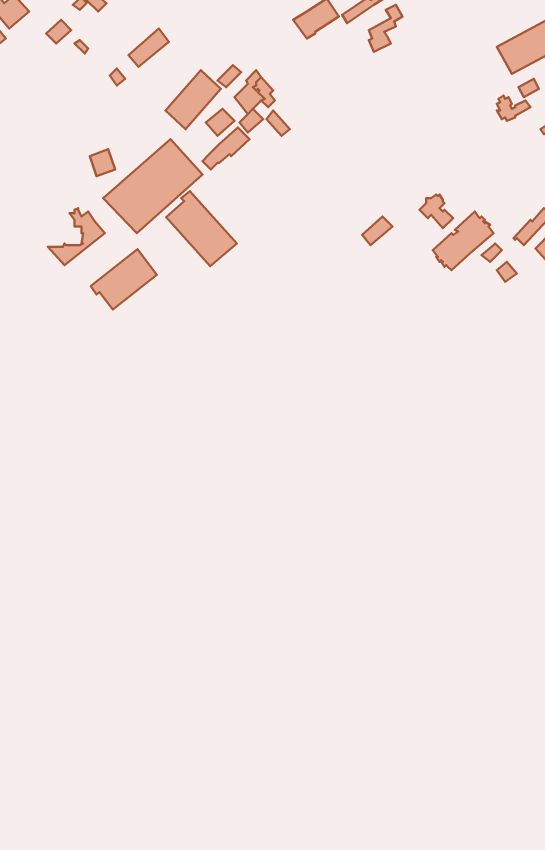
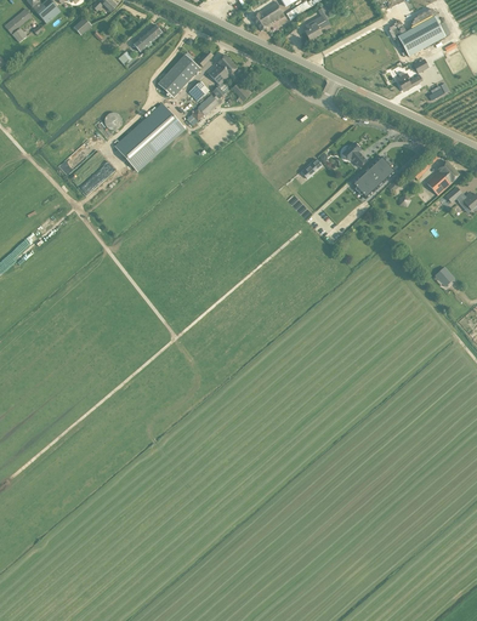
building: [166,191,237,266] -> none
building: [91,249,157,309] -> none

